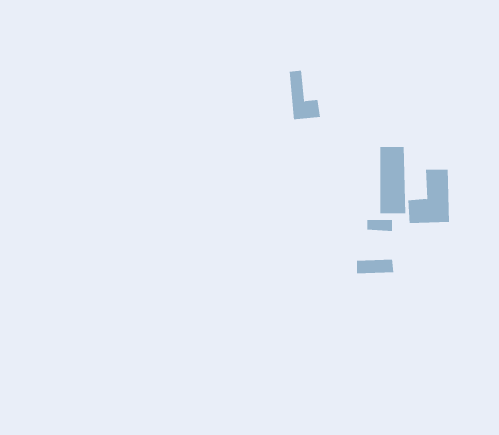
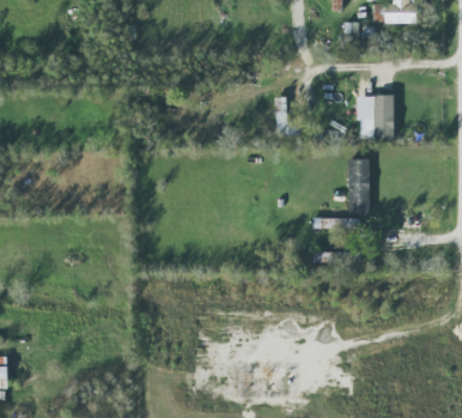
building: [407,169,450,224] -> [359,96,394,140]

